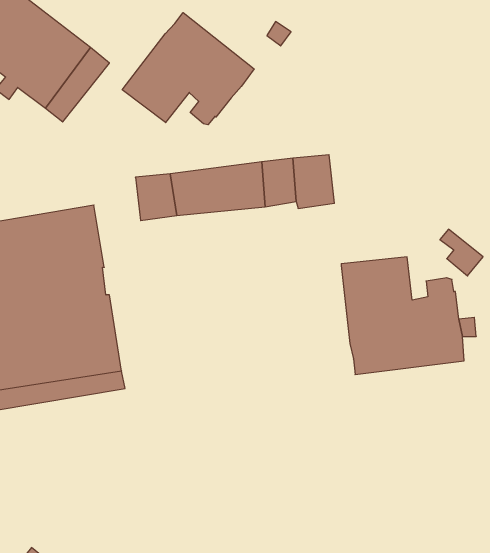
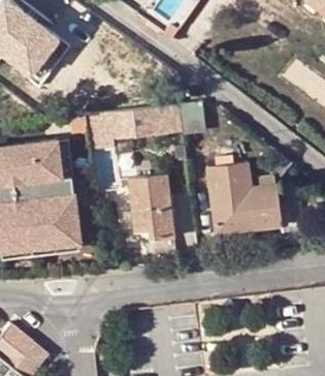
building: [122,13,254,125] -> none
building: none -> [127,173,173,239]

